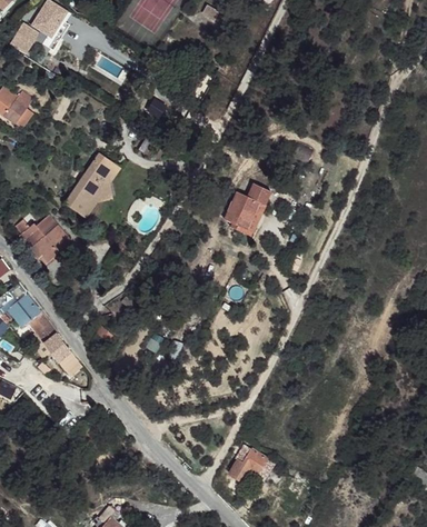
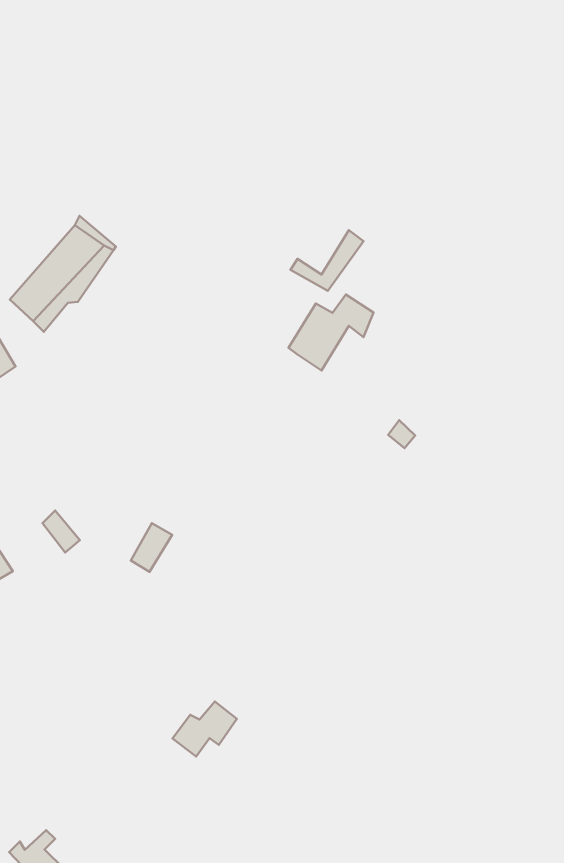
building: [226,201,266,237] -> [291,230,363,291]
building: [231,449,267,481] -> [173,701,237,756]

